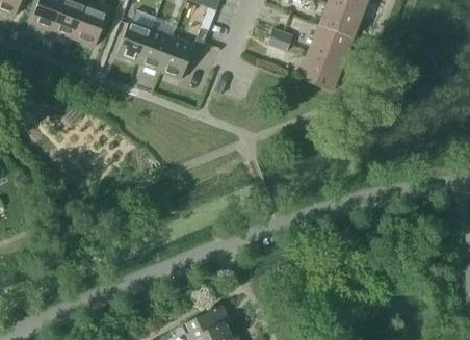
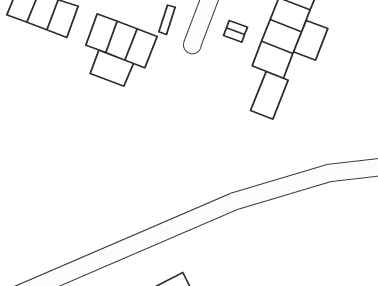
building: none -> [294,20,328,60]
building: none -> [90,50,133,86]
building: none -> [251,71,288,119]

